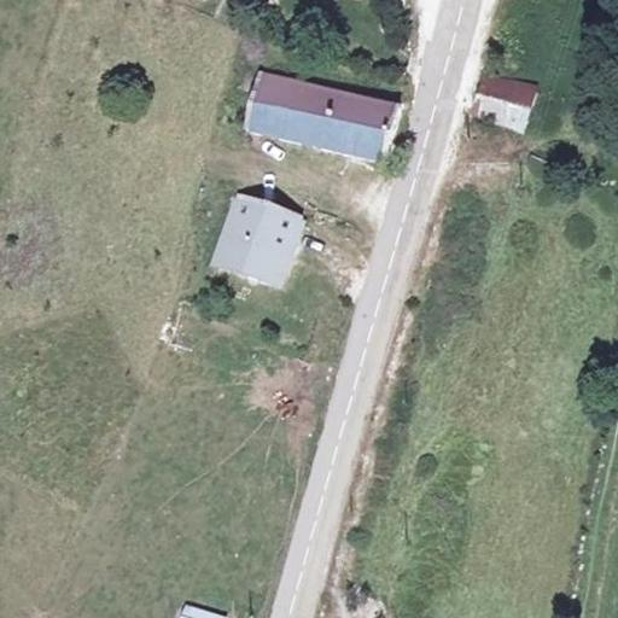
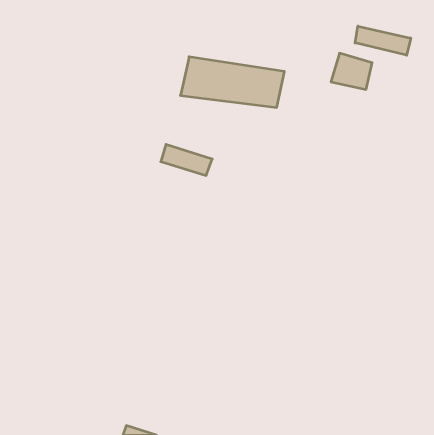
building: none -> [355,26,411,55]
building: [215,227,290,281] -> none

